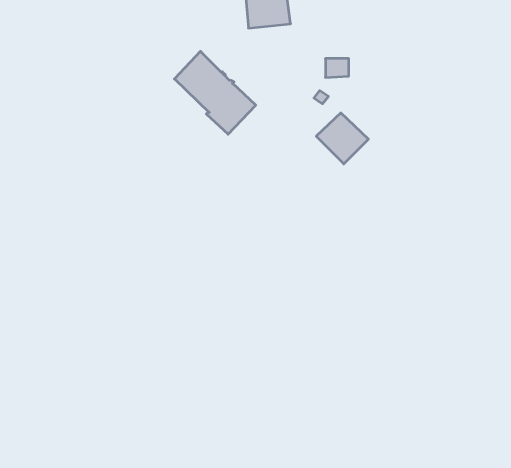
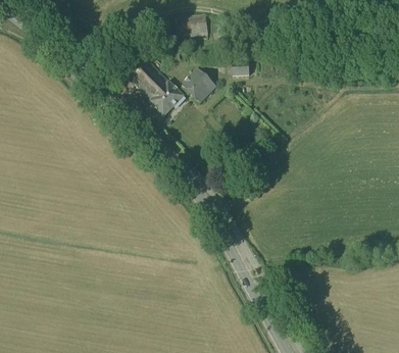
building: [316,113,368,164] -> [181,67,217,103]

